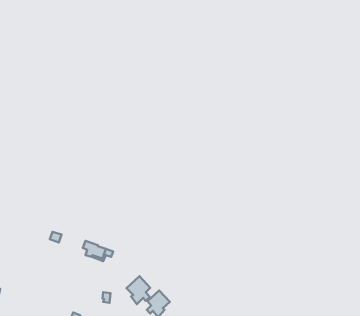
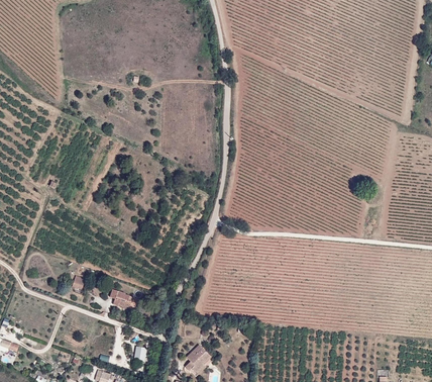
building: [127,276,150,304] -> none

